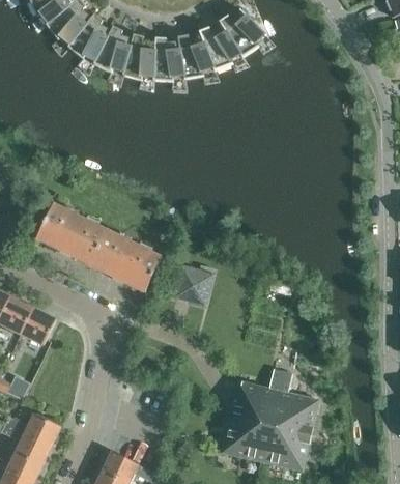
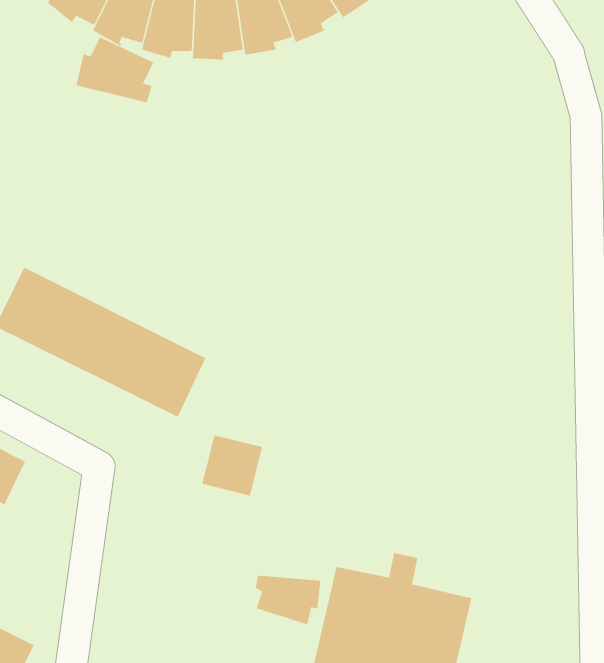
building: none -> [76,34,160,103]
building: [173,266,209,303] -> [201,435,263,496]
building: none -> [250,575,321,627]

